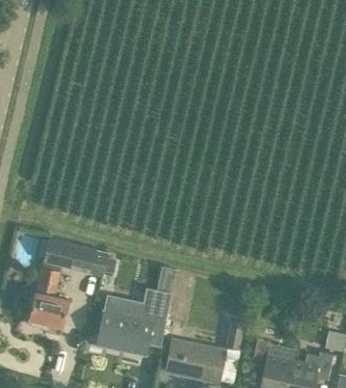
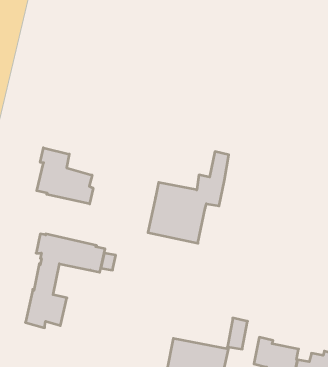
building: none -> [37,148,93,204]
building: [96,267,175,356] -> [148,152,229,243]

